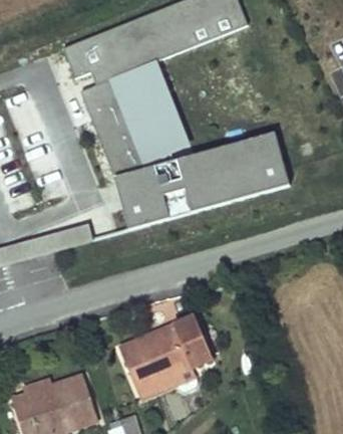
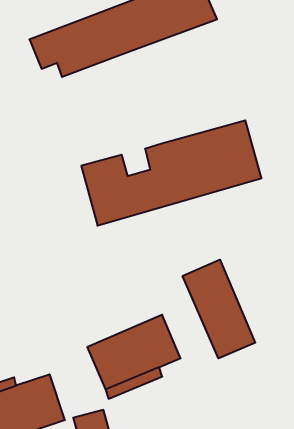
building: [82,59,194,171] -> none
building: none -> [183,260,255,358]

